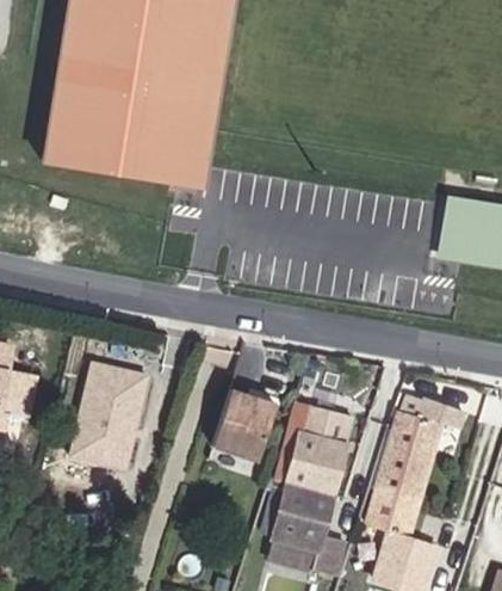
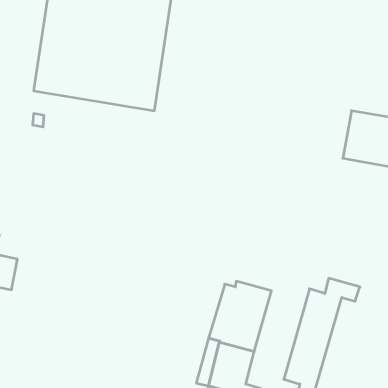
building: [68,357,150,468] -> none
building: [212,390,275,462] -> none

